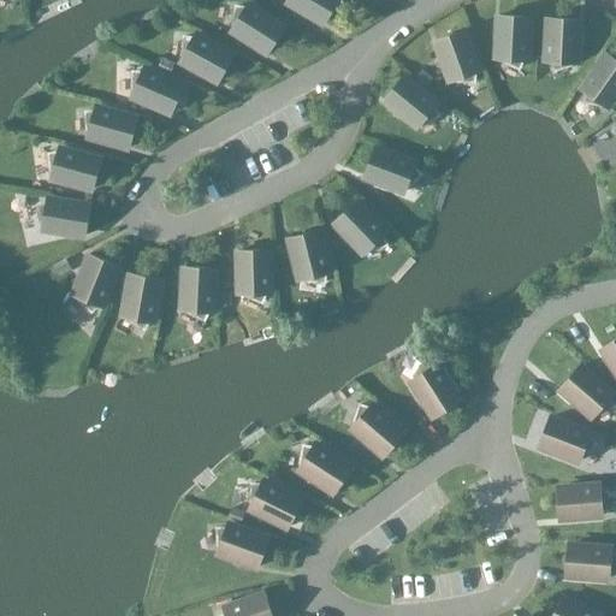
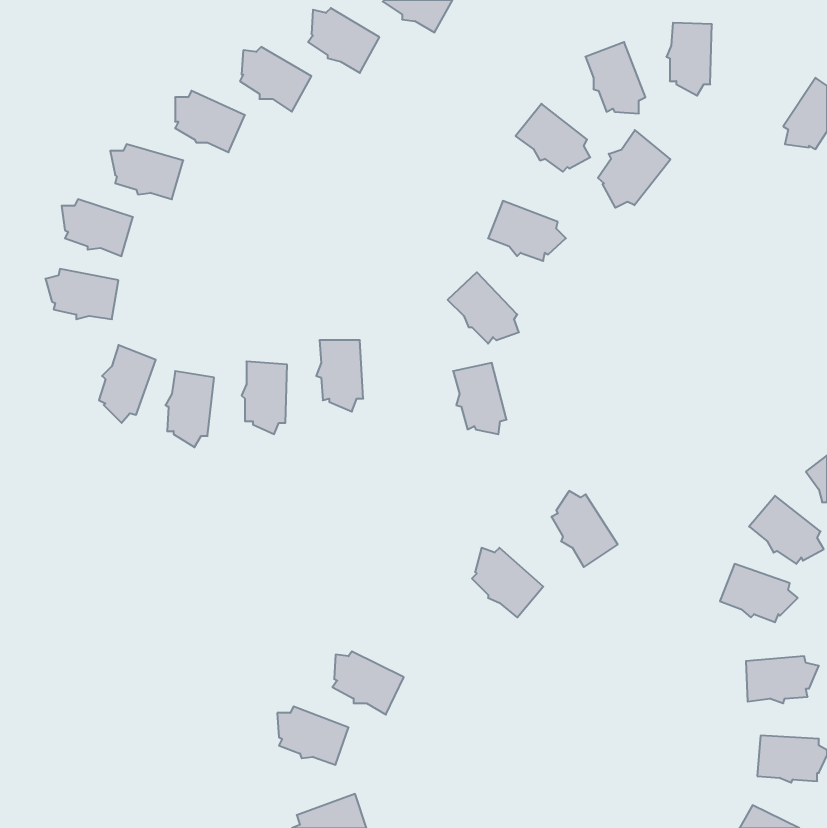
building: [544,20,580,73] -> none
building: none -> [598,130,670,208]
building: [288,233,327,286] -> [453,363,507,434]
building: [295,446,348,497] -> none

